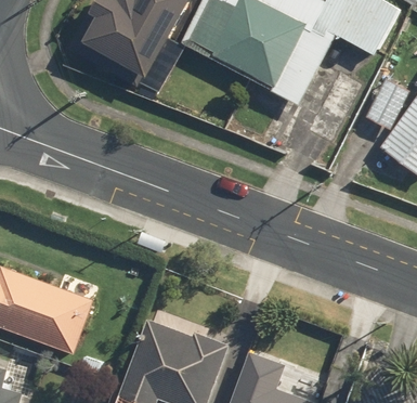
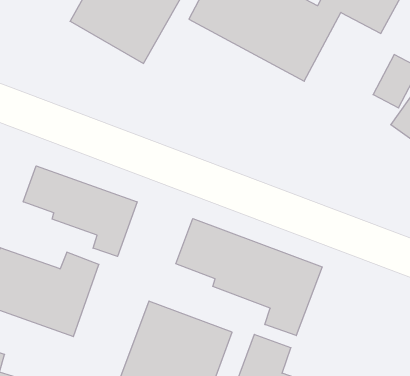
building: none -> [23,166,137,256]
building: none -> [176,219,322,336]

